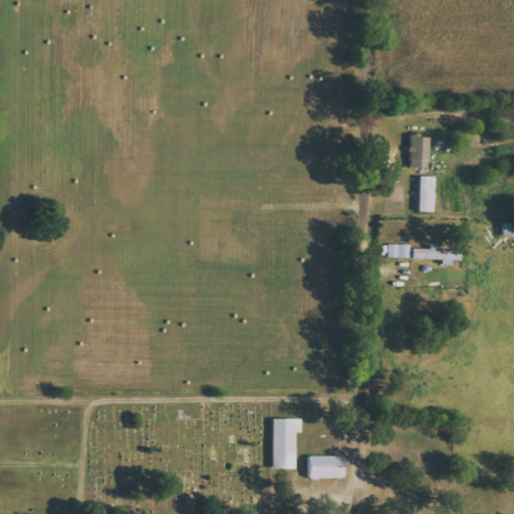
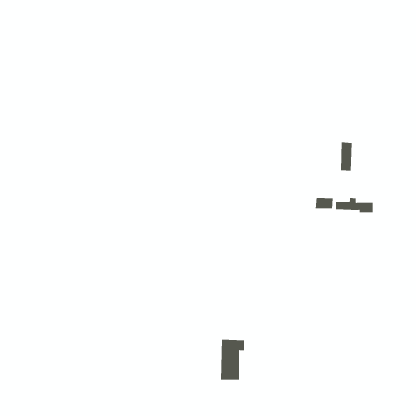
building: [410,135,429,167] -> none
building: [308,455,344,478] -> none

